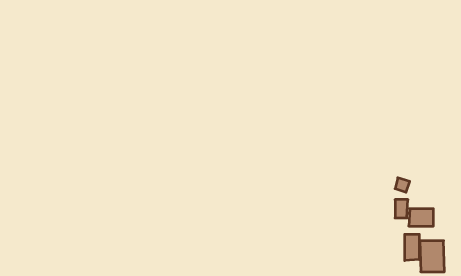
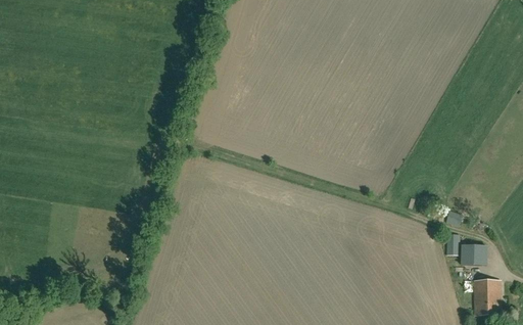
building: [405,234,419,261] -> none

